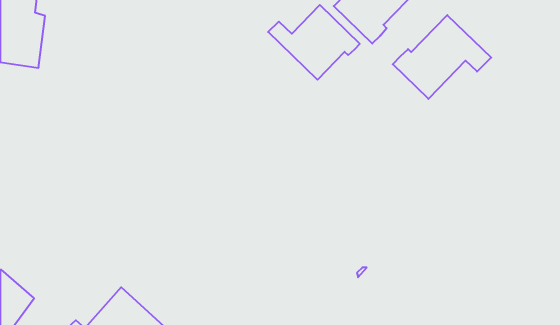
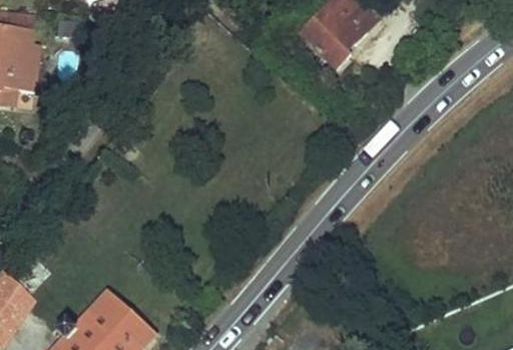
building: [268,5,360,80] -> none
building: [393,15,491,99] -> none

